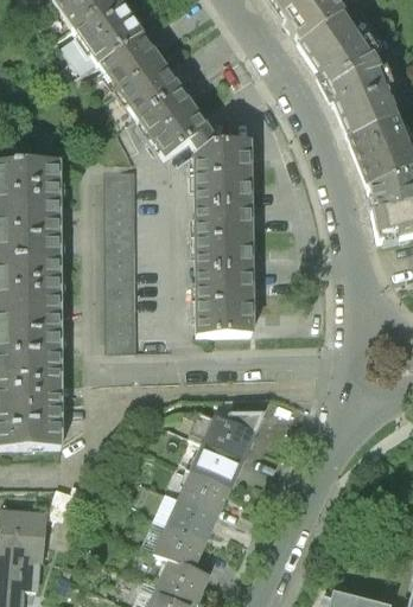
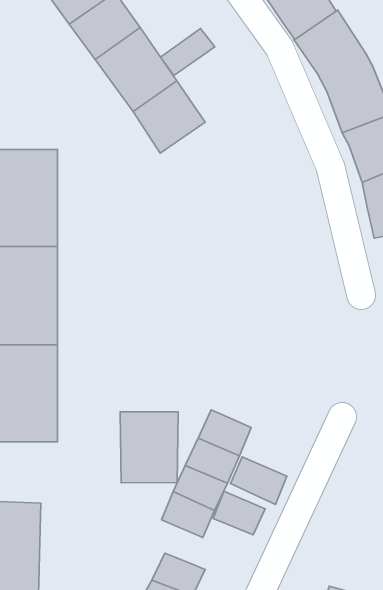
building: none -> [160,29,215,76]
building: [195,141,253,331] -> none
building: [103,147,140,345] -> none
building: none -> [120,412,178,483]
building: none -> [231,457,287,505]
building: [155,525,208,569] -> [213,491,265,535]

